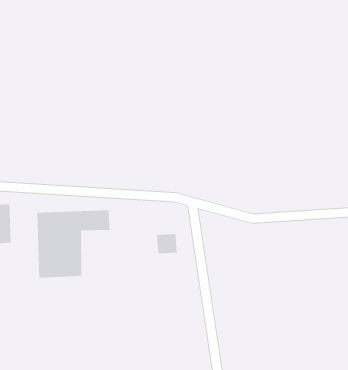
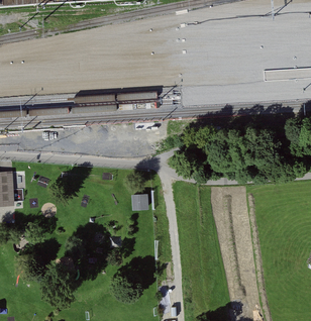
building: [36,209,111,278] -> none

